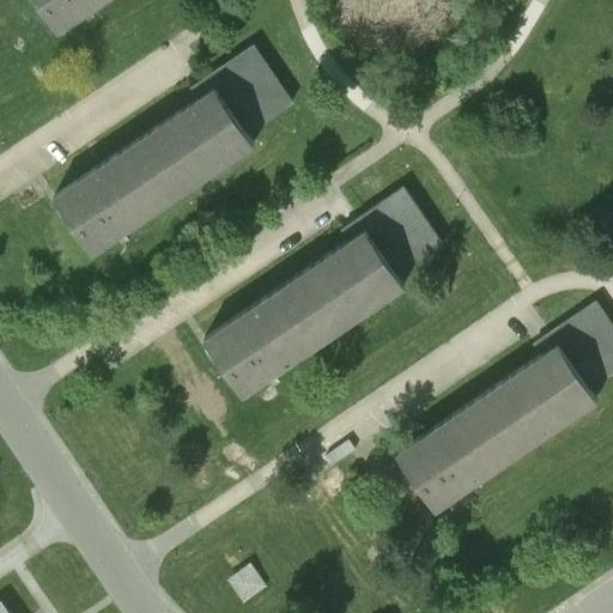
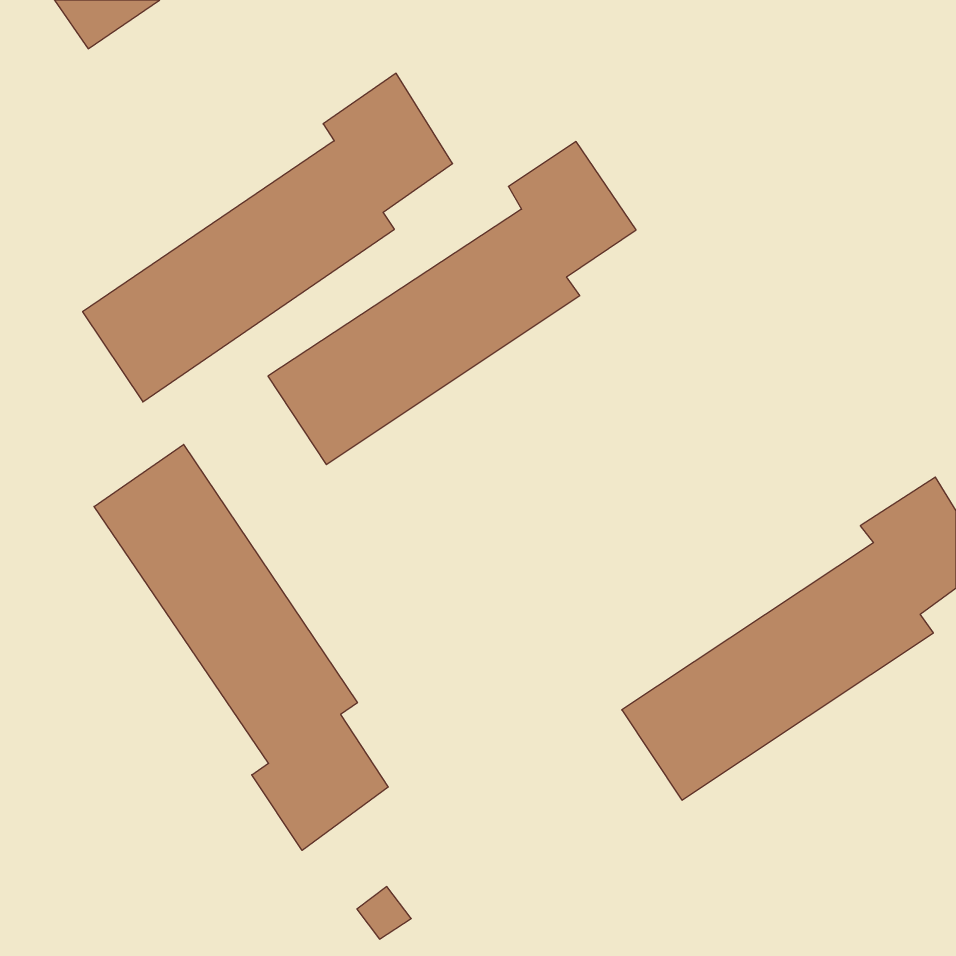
building: [205,190,439,396] -> [268,142,636,465]
building: none -> [94,444,388,850]

